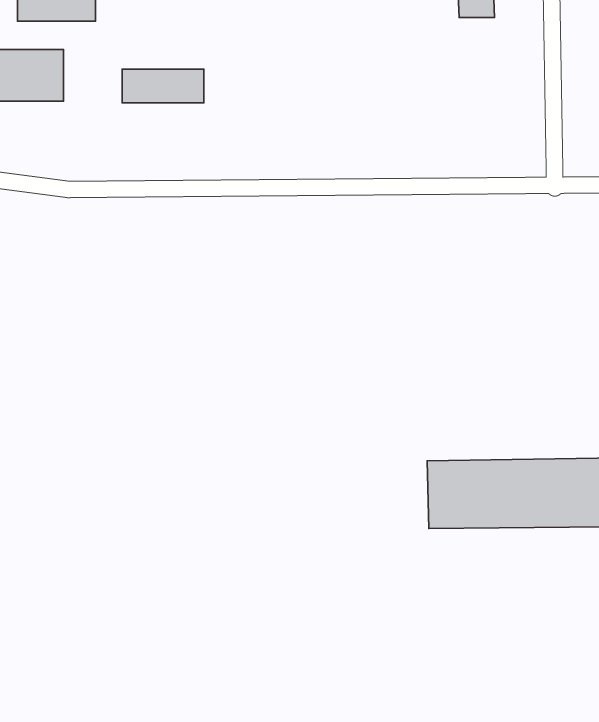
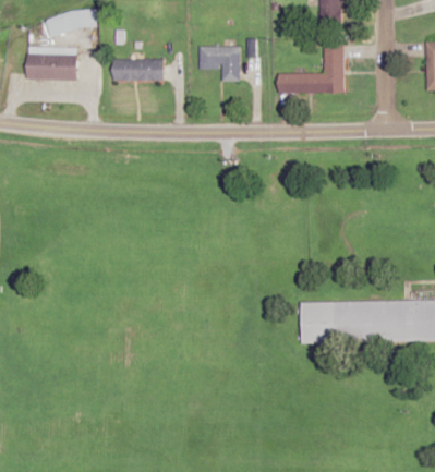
building: none -> [278,44,343,93]
building: none -> [197,46,239,81]

